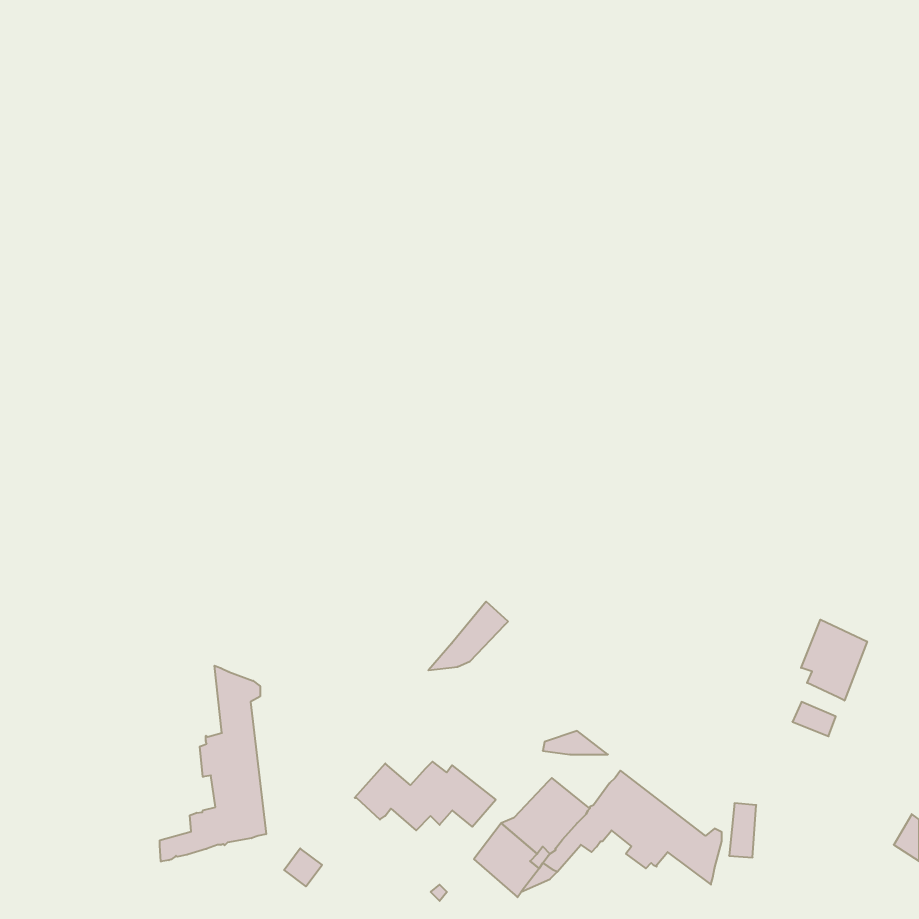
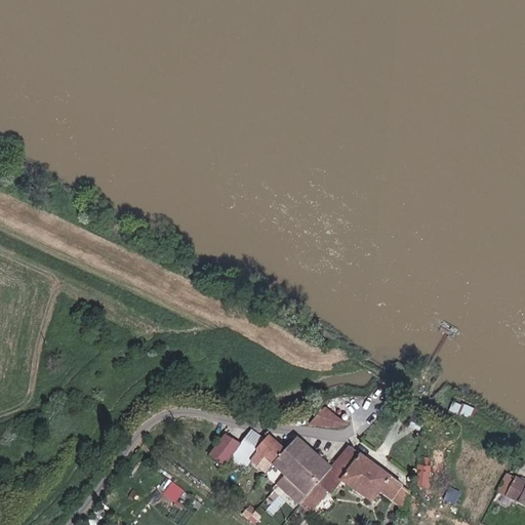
building: [428,602,508,670] -> [268,433,313,472]
building: [801,620,867,701] -> none
building: [160,666,266,862] -> none

